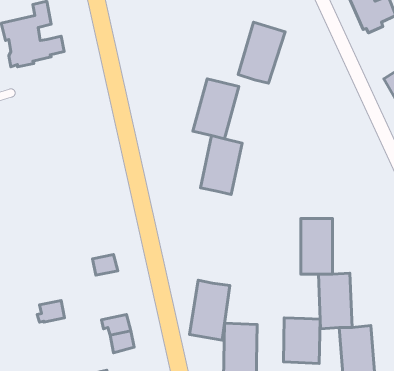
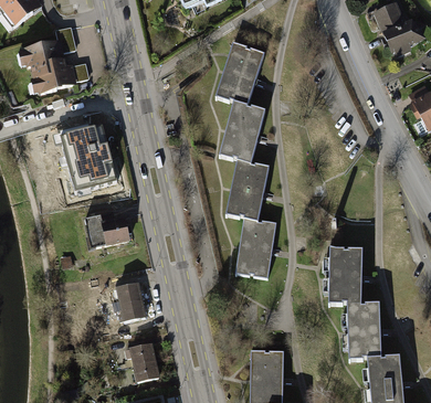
building: [238,22,285,83] -> [216,44,263,106]
building: none -> [52,119,117,190]
building: none -> [84,208,130,244]
building: [190,280,230,340] -> [233,216,274,277]
building: [37,300,64,322] -> [117,297,145,319]
building: [283,318,320,363] -> none

